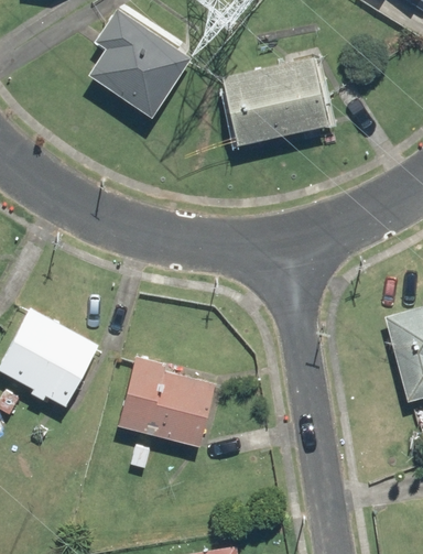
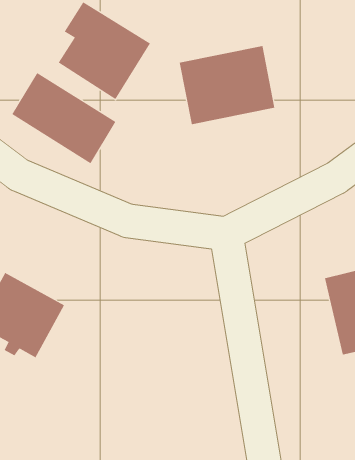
building: none -> [11,72,116,164]
building: [117,363,216,447] -> none

